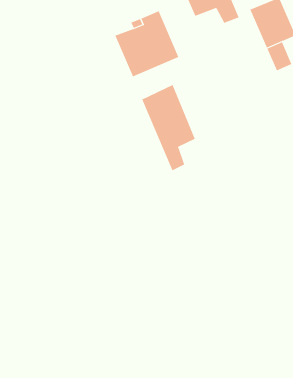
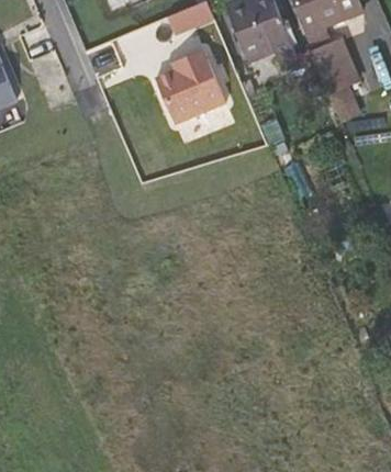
building: [141,84,196,171] -> none

